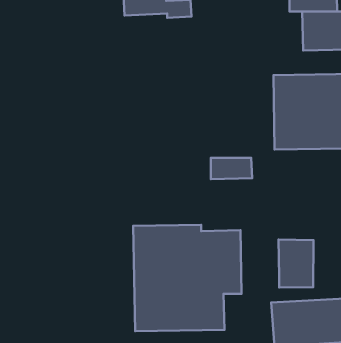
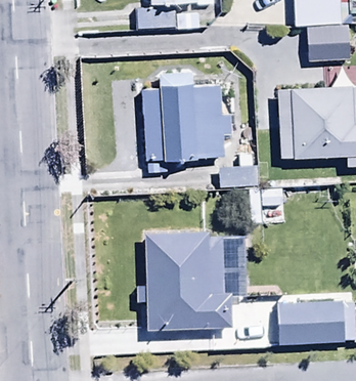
building: none -> [143,72,236,158]
building: [278,240,313,288] -> none

